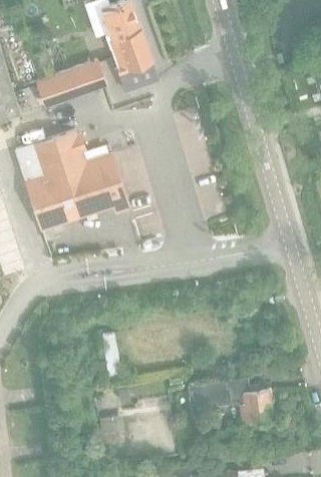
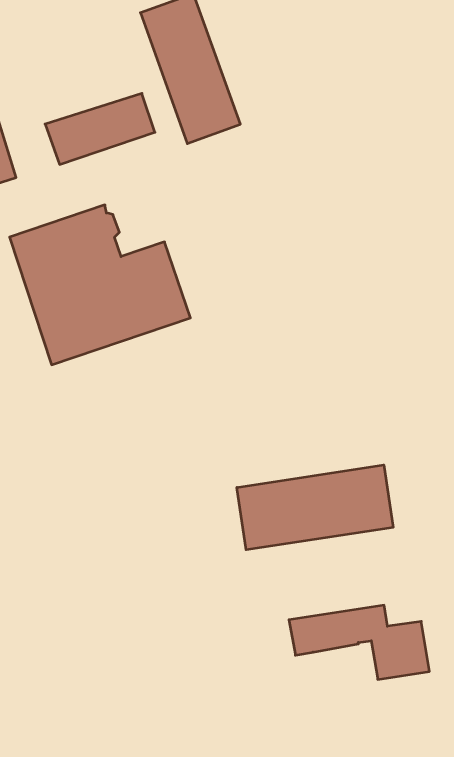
building: none -> [237,465,393,550]

